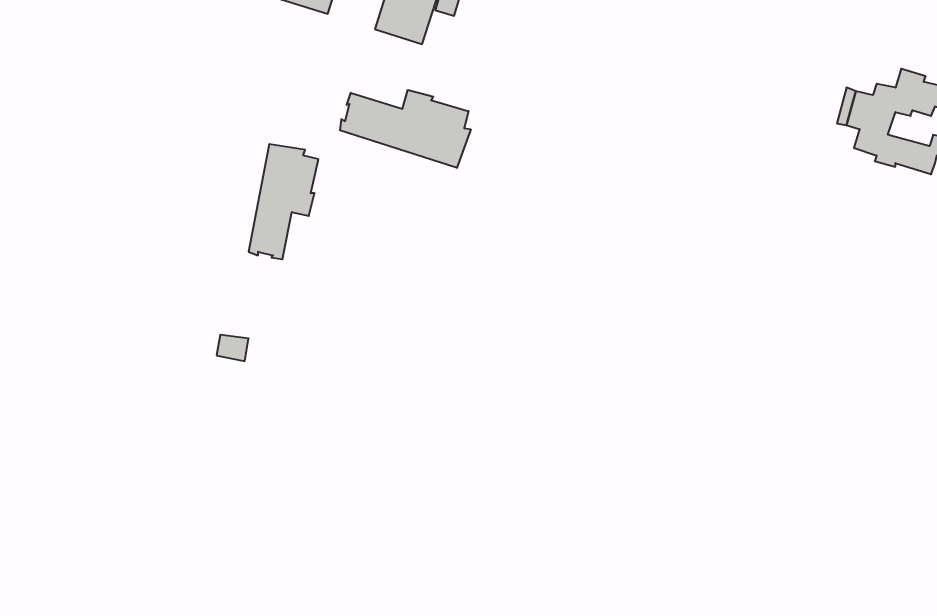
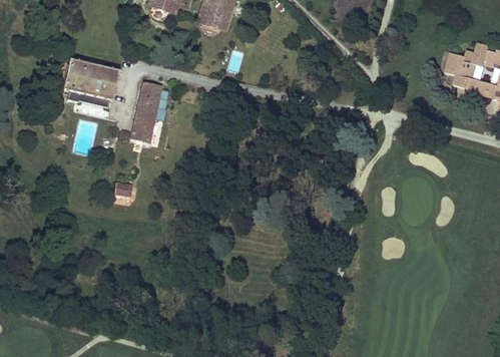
building: [340,90,471,168] -> none
building: none -> [52,59,117,105]

